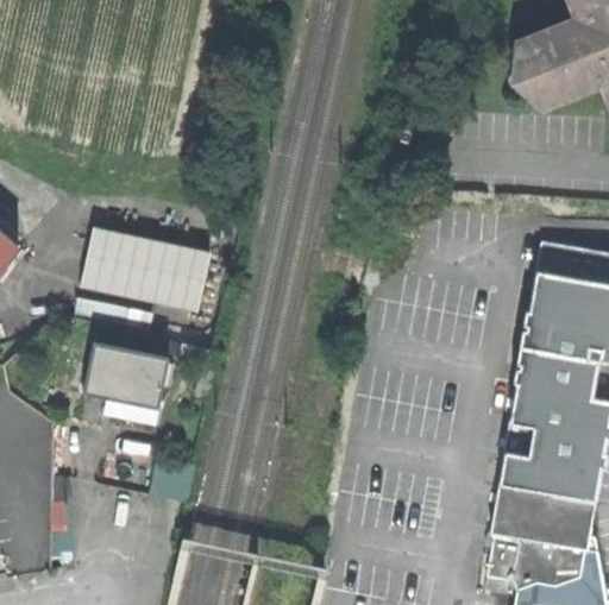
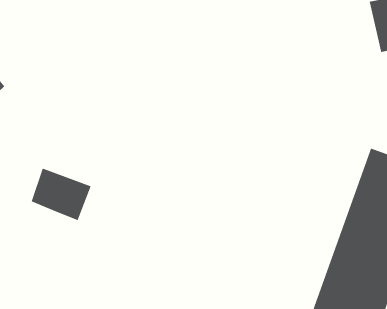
building: [76,226,209,313] -> none

